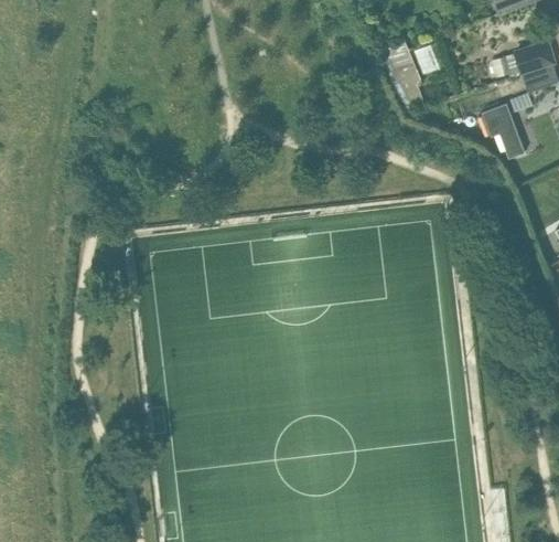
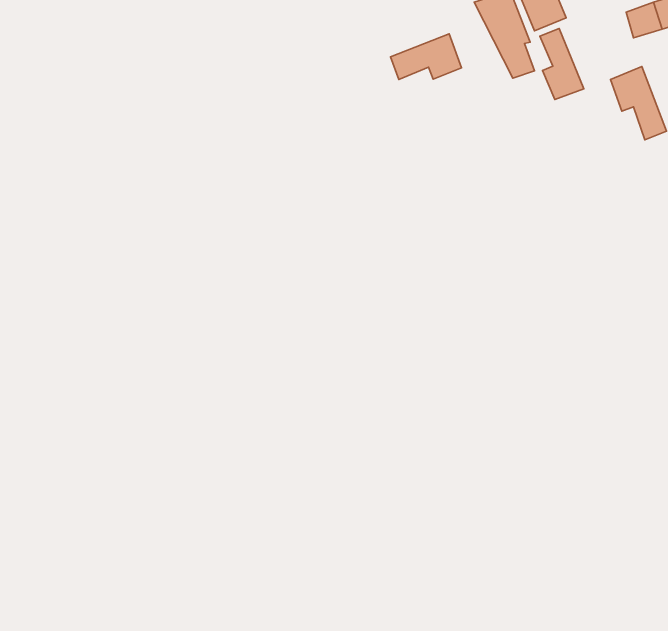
building: none -> [540,29,584,100]
building: none -> [391,34,461,80]

